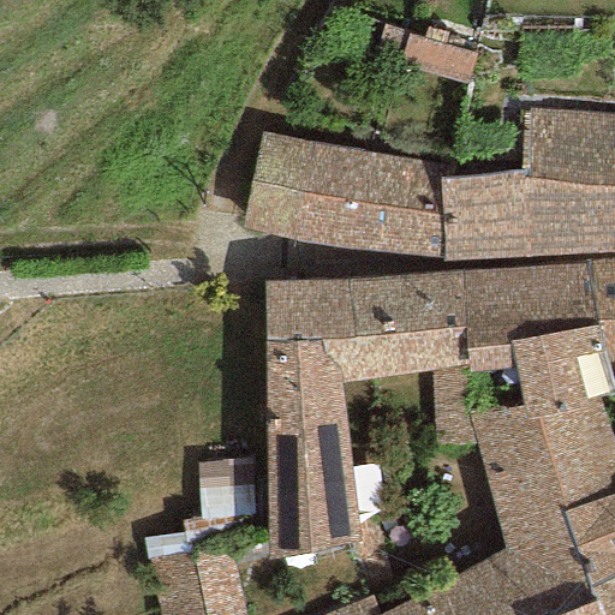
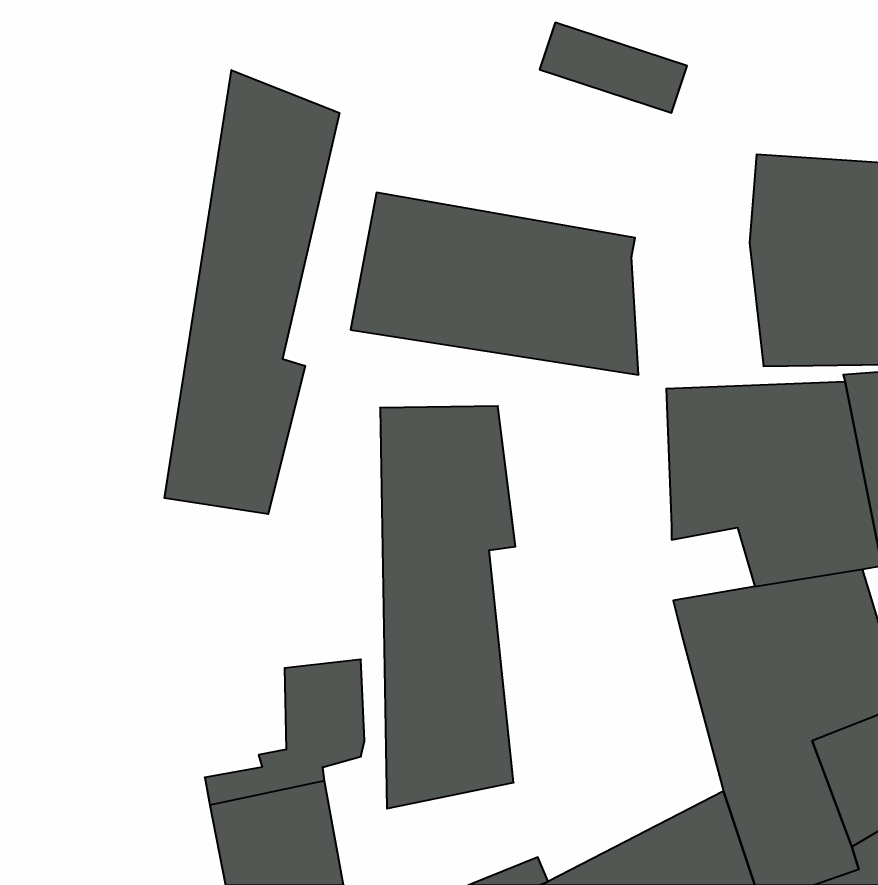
building: none -> [164,70,339,514]
building: [443,168,535,259] -> none
building: [351,269,478,444] -> none

